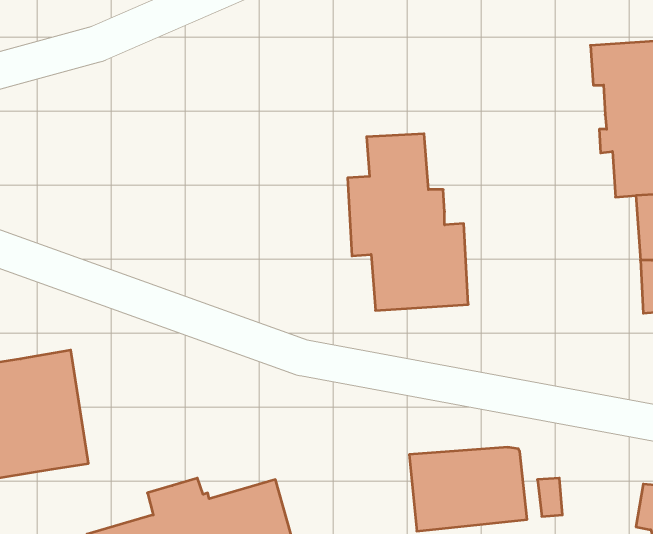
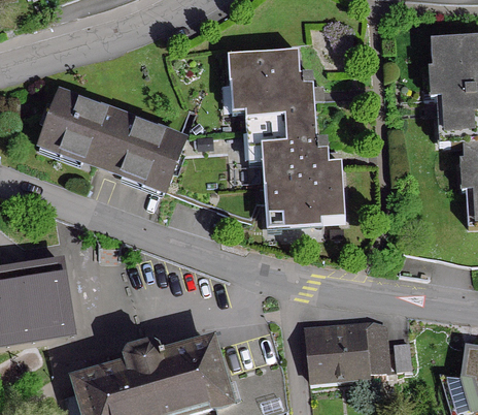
building: none -> [227,52,313,132]
building: none -> [39,93,183,190]

